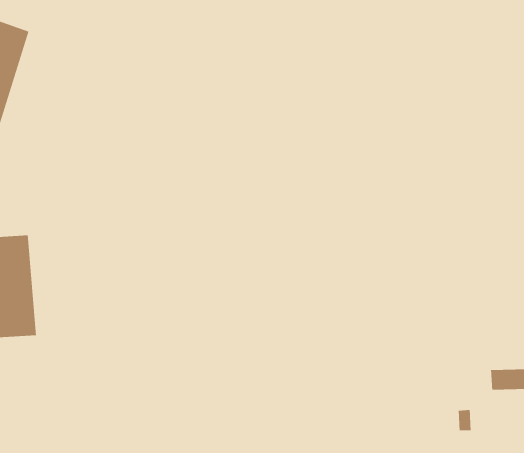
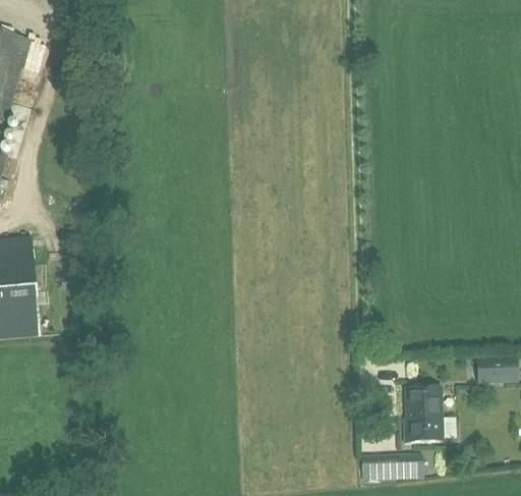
building: none -> [403,386,440,440]

